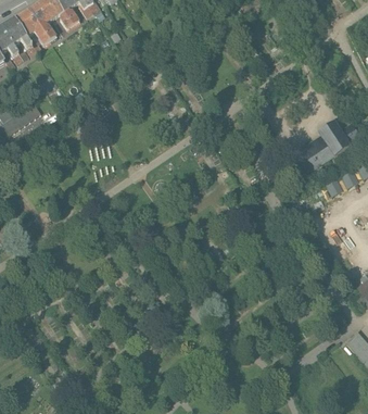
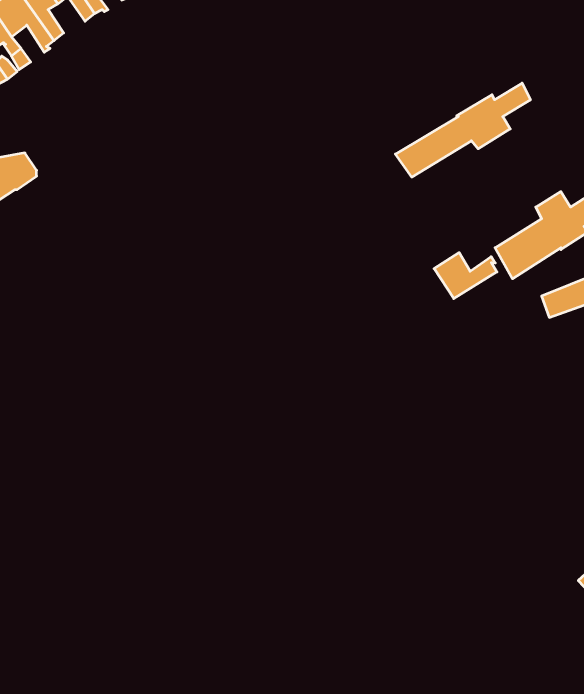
building: none -> [395,83,530,177]
building: none -> [434,253,497,299]

